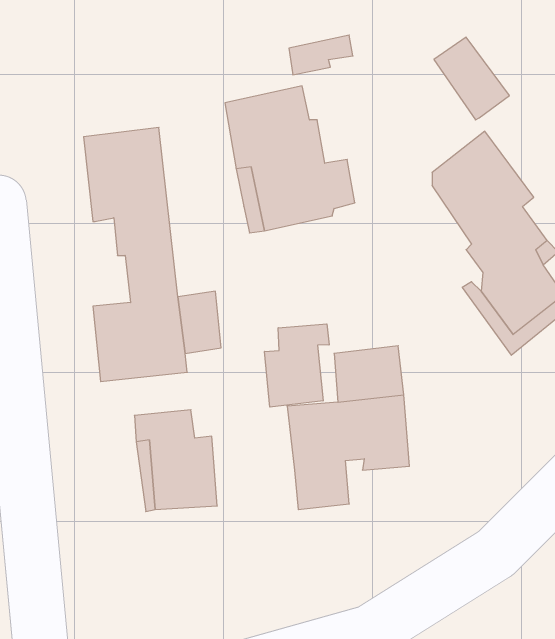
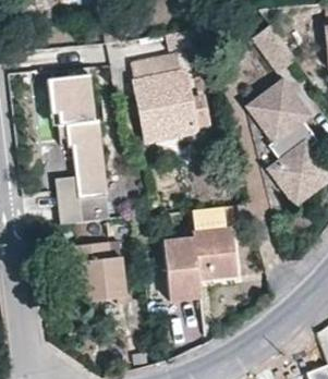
building: [265,324,329,407] -> none

